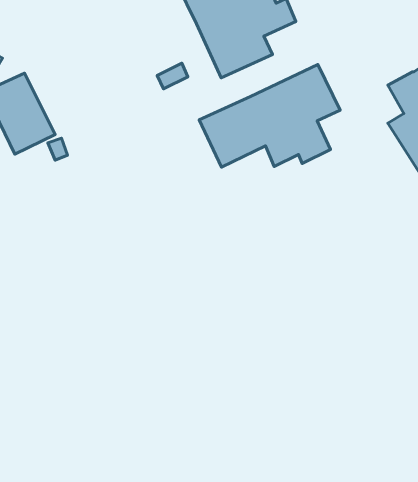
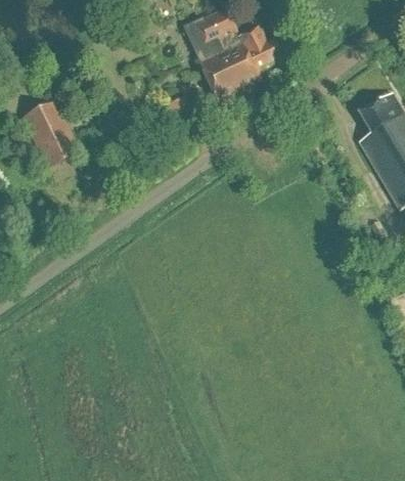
building: [199,64,340,167] -> none

